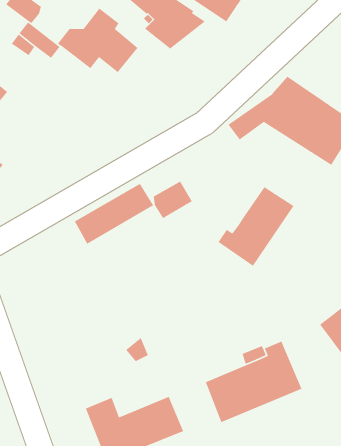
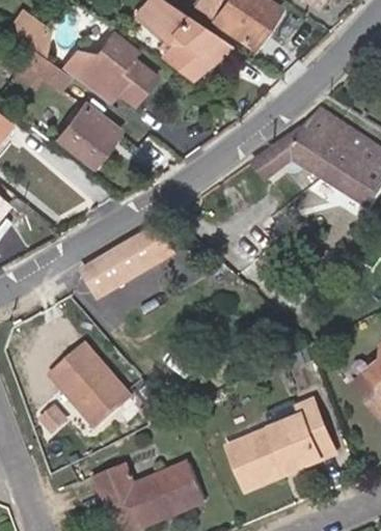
building: none -> [56,104,119,166]
building: [153,181,193,219] -> none
building: [218,186,294,267] -> none
building: none -> [50,343,133,428]

